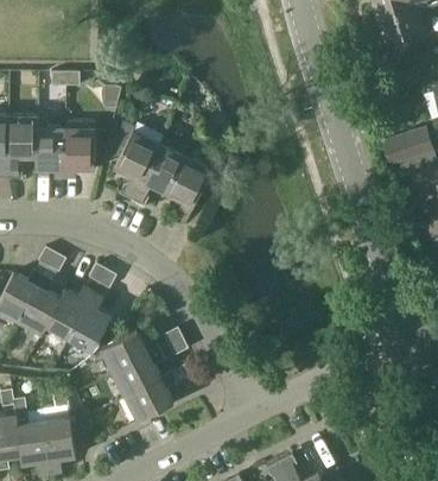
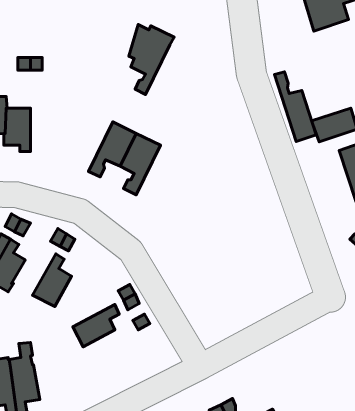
building: none -> [274,72,316,142]
building: [112,121,163,200] -> [129,25,174,94]
building: [65,128,95,177] -> none
building: [44,286,94,338] -> none
building: [100,331,160,374] -> none
building: [125,372,177,422] -> none

